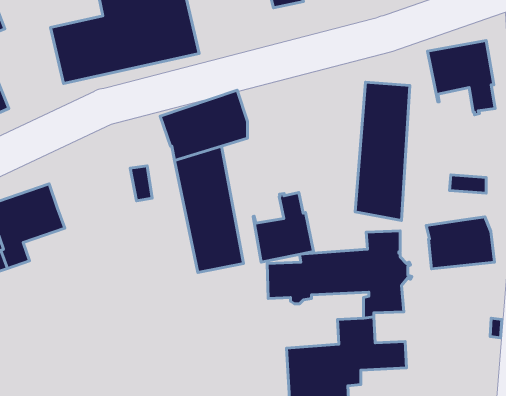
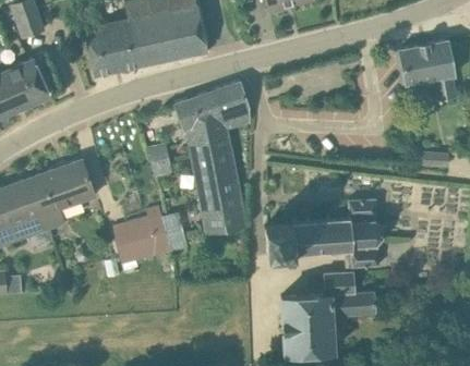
building: [355,82,410,221] -> none
building: [253,193,313,262] -> none
building: [426,217,494,269] -> none
building: none -> [115,207,183,266]

